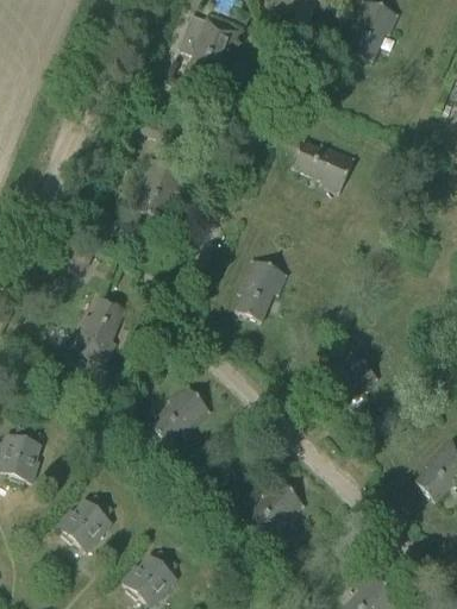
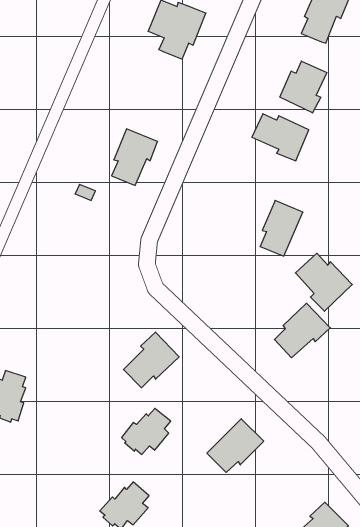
building: none -> [280,61,327,113]
building: [236,259,283,321] -> [260,200,303,256]
building: none -> [295,253,352,311]
building: [73,297,126,364] -> none
building: [58,495,113,546] -> [122,408,171,454]

